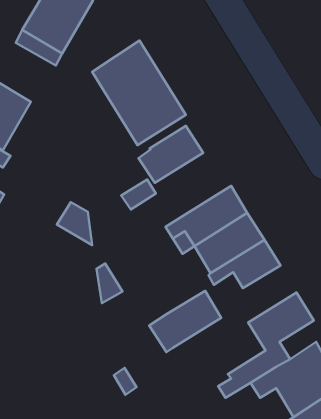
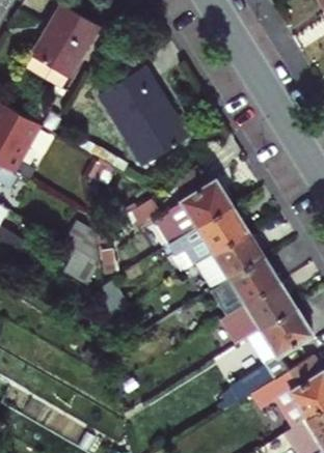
building: [139,126,203,183] -> [170,179,233,234]
building: [149,291,221,352] -> [226,282,296,341]

